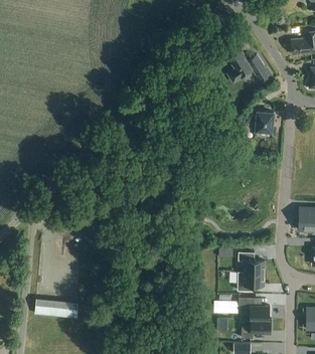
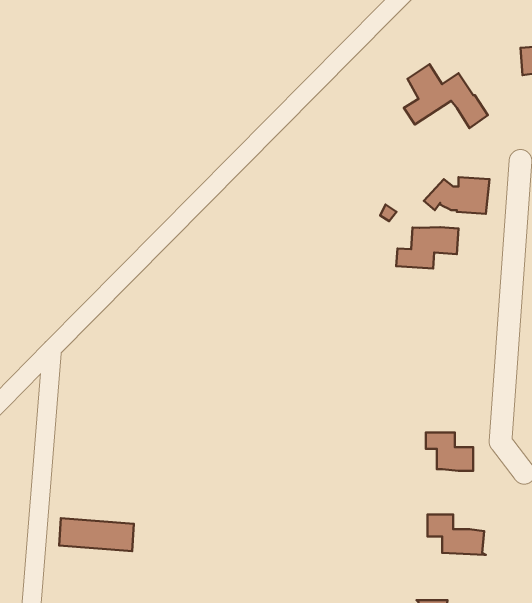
building: none -> [396,227,459,268]
building: [238,273,265,292] -> none
building: [242,319,272,339] -> none

